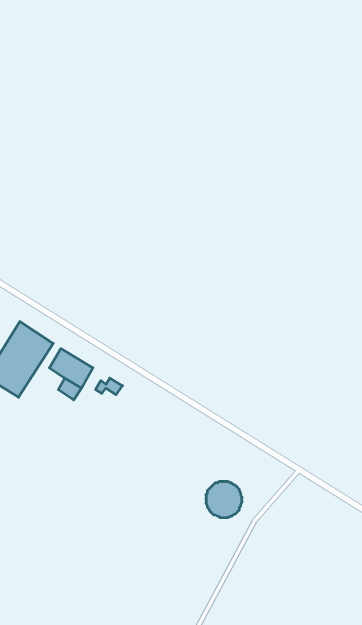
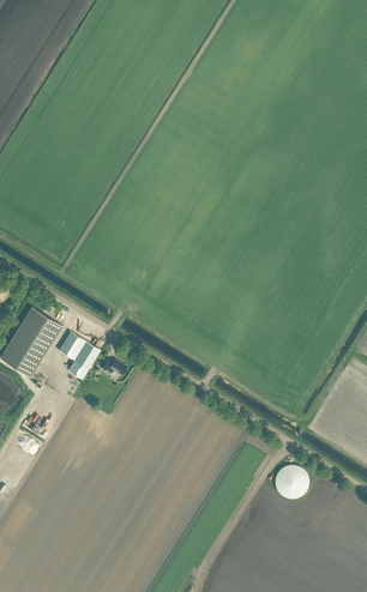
building: [206,482,242,518] -> [275,464,308,497]

